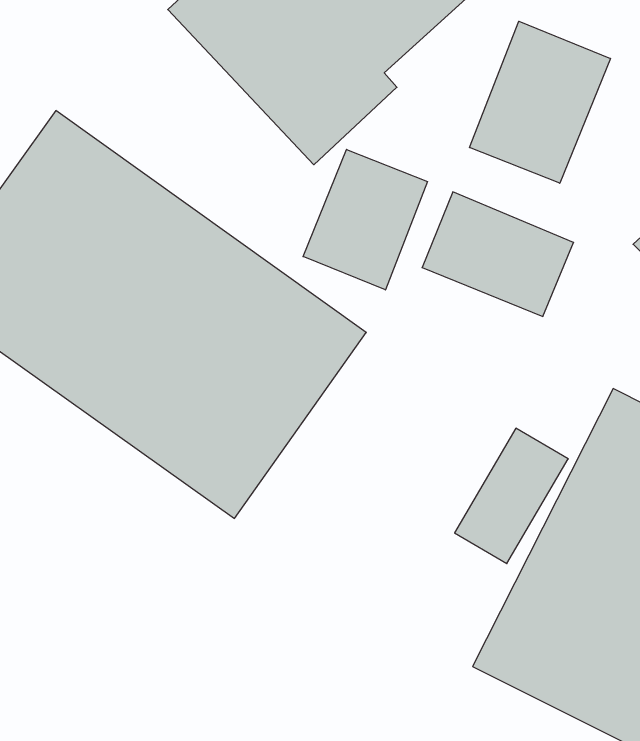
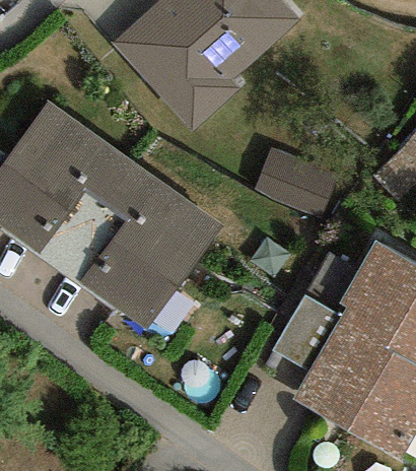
building: [470,21,610,183] -> none
building: [303,149,428,290] -> none

